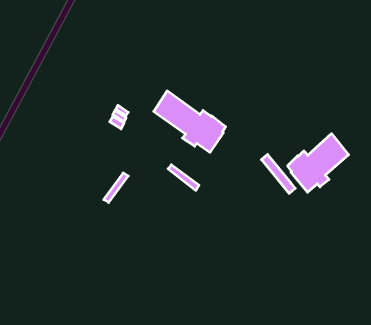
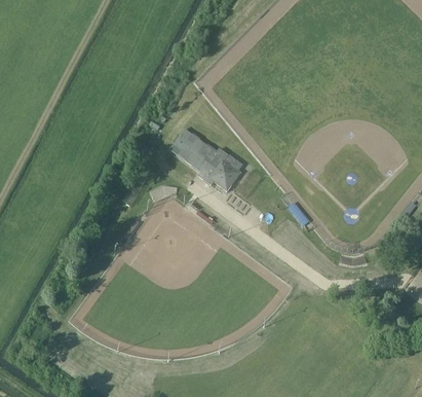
building: [288,134,349,192] -> none

